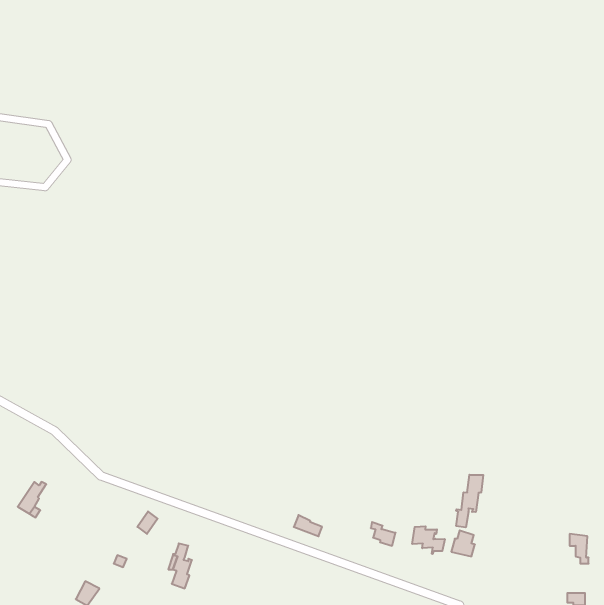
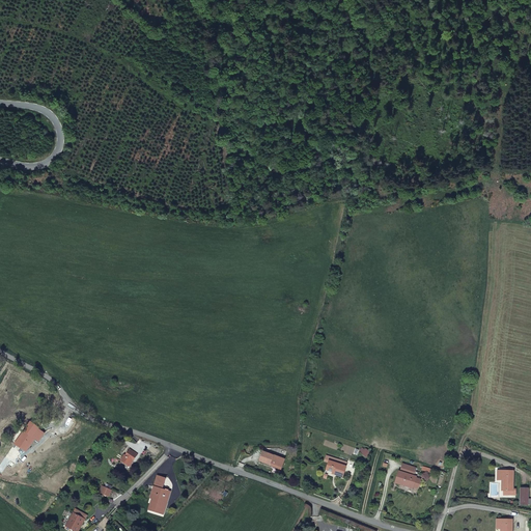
building: [456,475,483,527] -> none
building: [412,526,445,554] -> none

